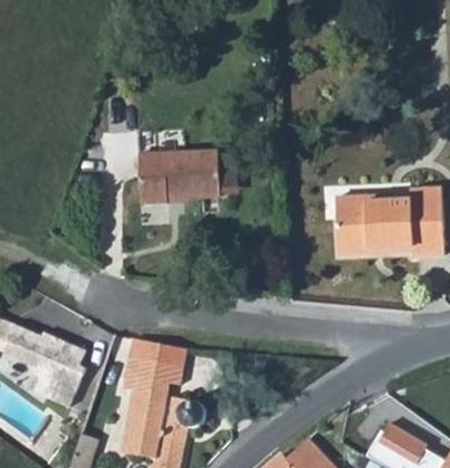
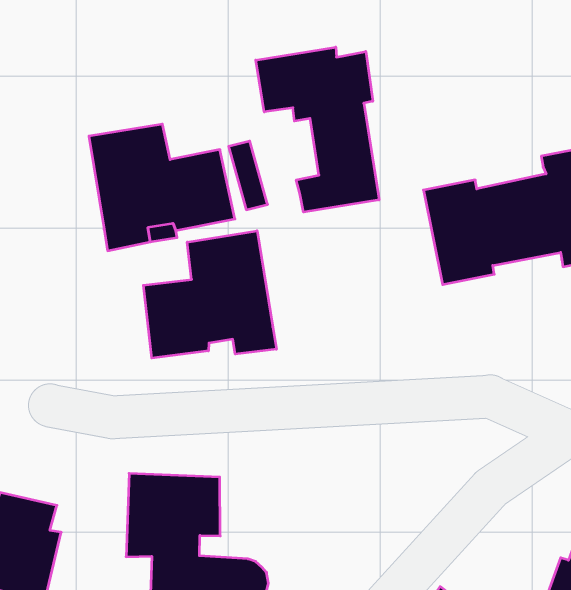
building: none -> [256,47,379,212]
building: none -> [143,231,276,358]

